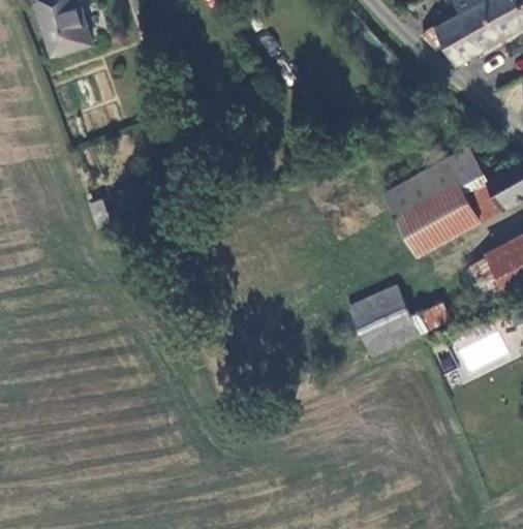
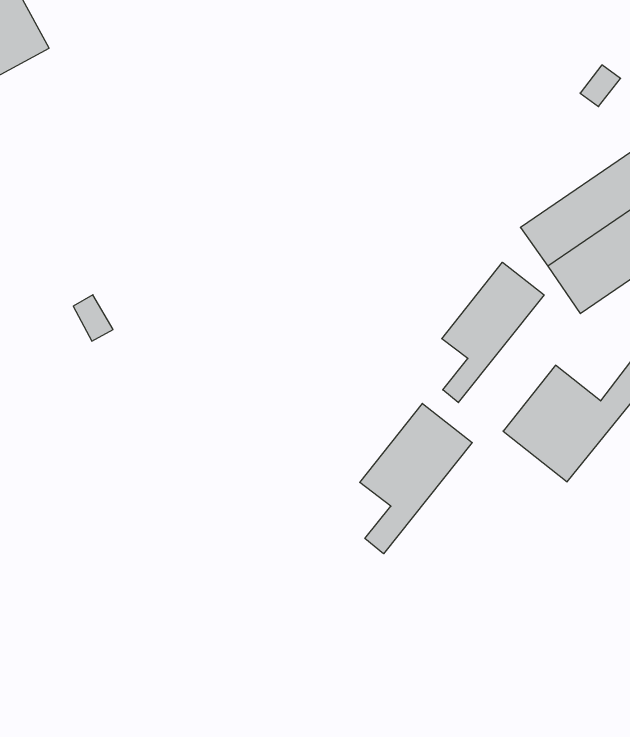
building: none -> [442,262,544,403]
building: none -> [360,403,472,554]

